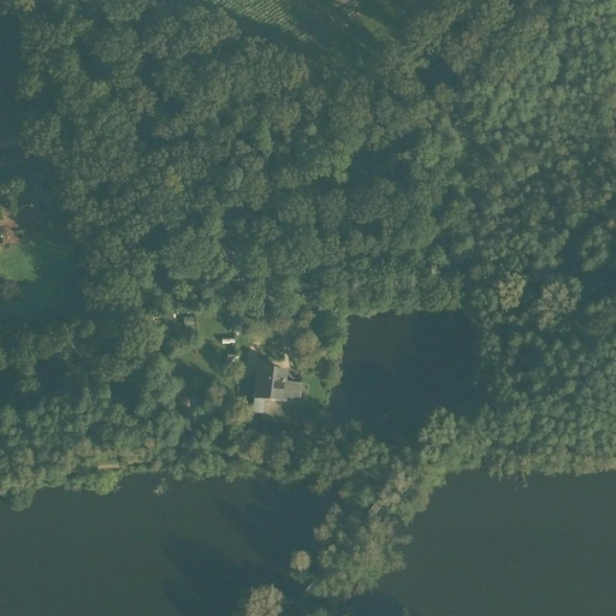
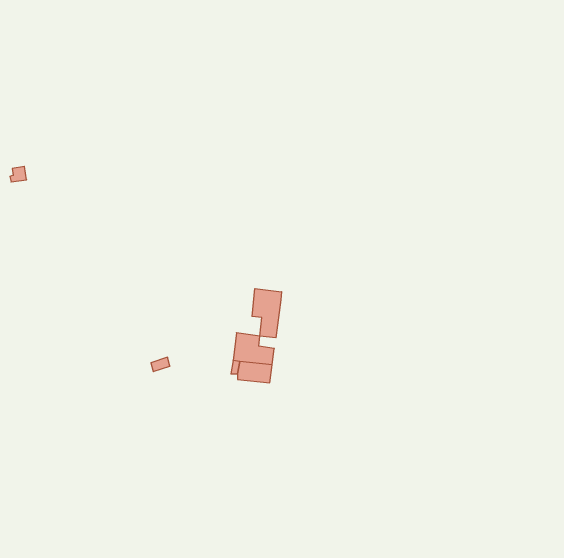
building: none -> [252,289,282,338]

